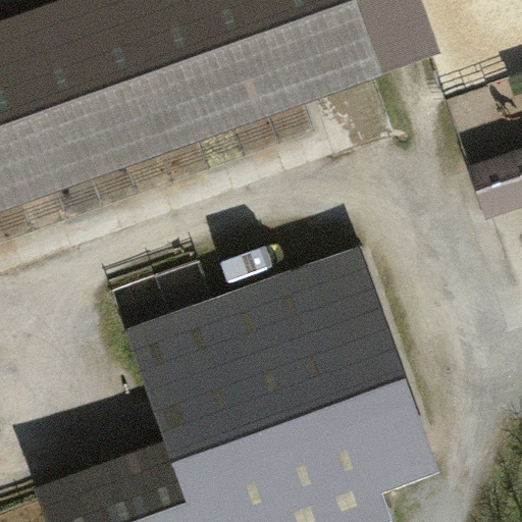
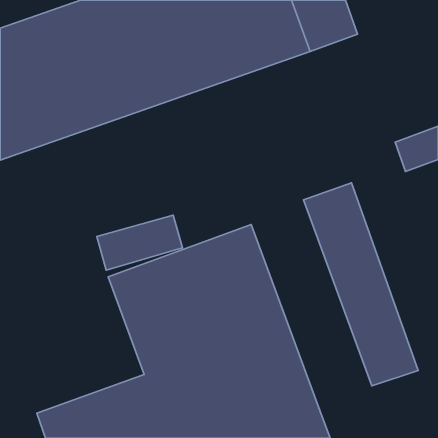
building: [299,247,435,488] -> [303,183,418,386]

